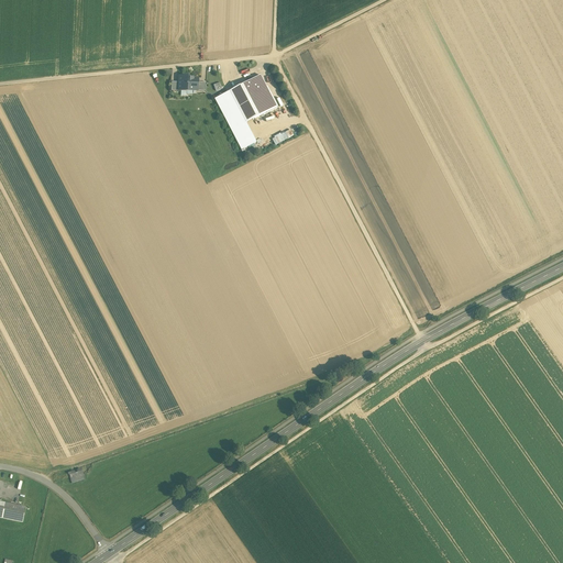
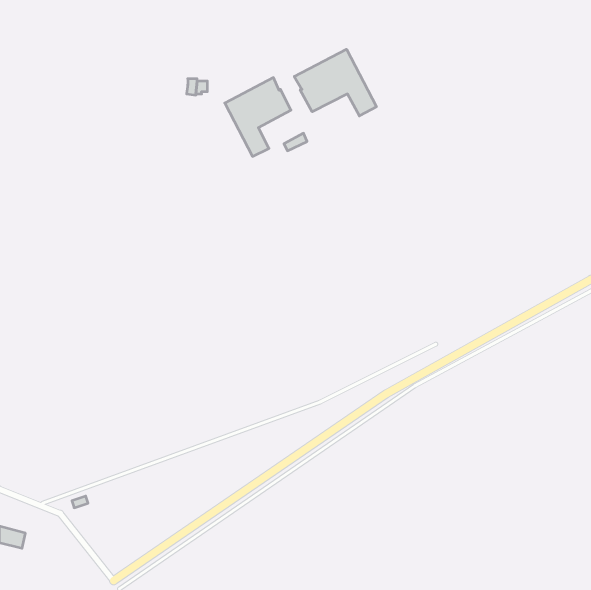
building: none -> [294,49,376,116]

